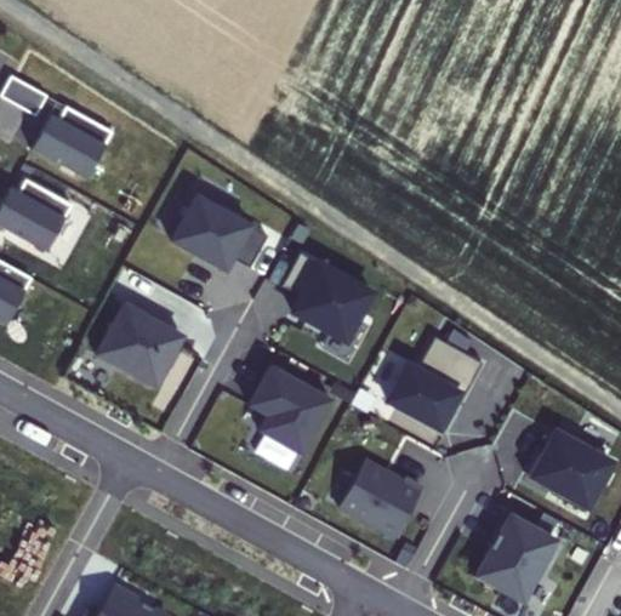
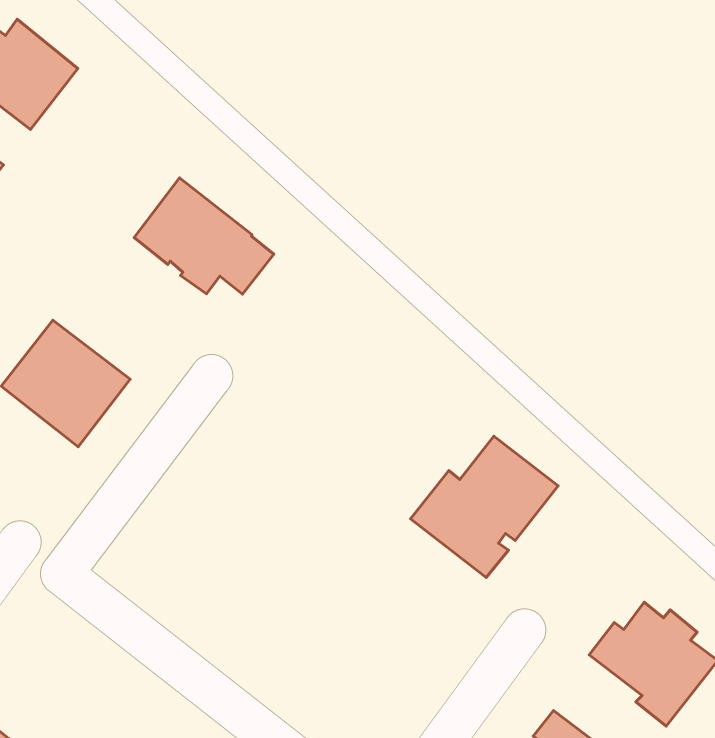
building: [281,257,370,343] -> none
building: [249,367,330,456] -> none
building: [336,462,420,540] -> none

